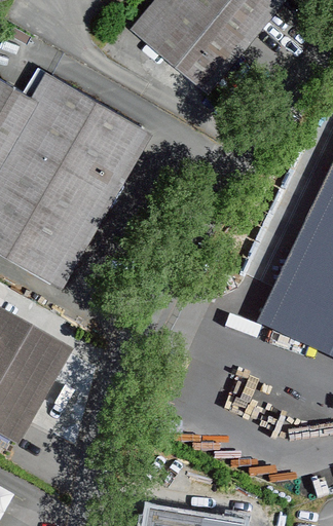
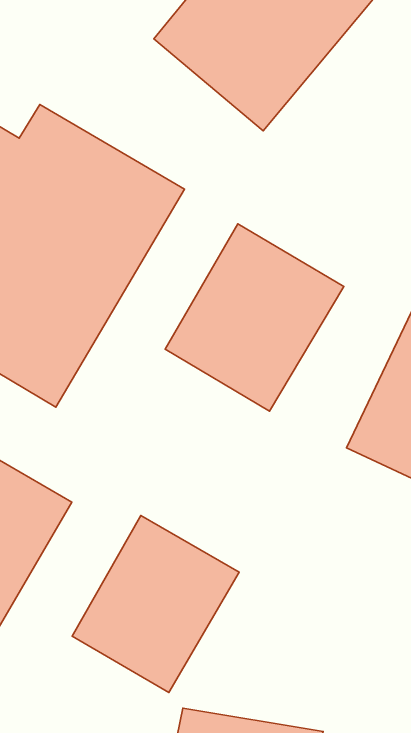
building: none -> [165,224,344,411]
building: none -> [72,515,239,693]

